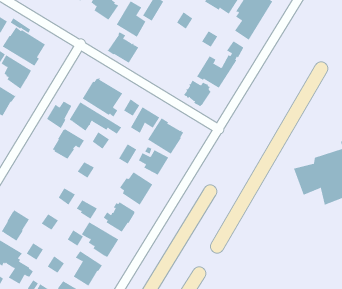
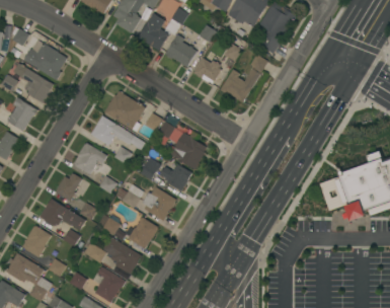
building: [107,32,139,64] -> [164,34,197,67]
building: [183,80,211,107] -> [192,58,221,85]
building: [46,101,72,129] -> [55,173,81,202]
building: none -> [114,184,143,209]
building: none -> [38,199,85,230]

